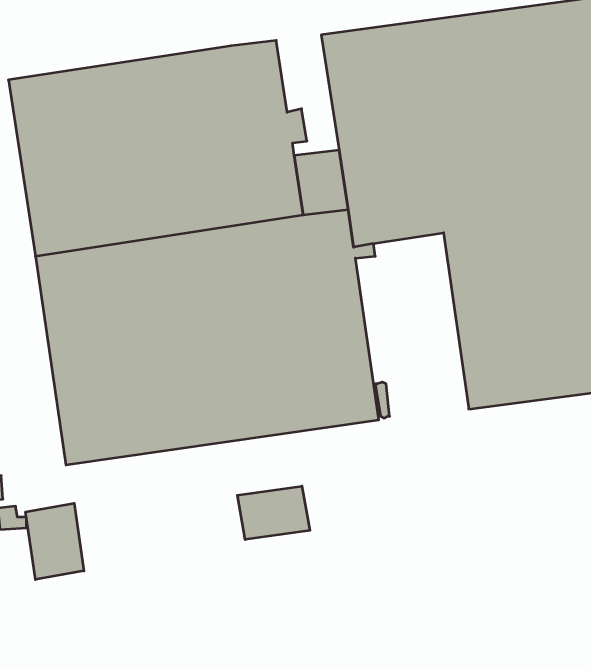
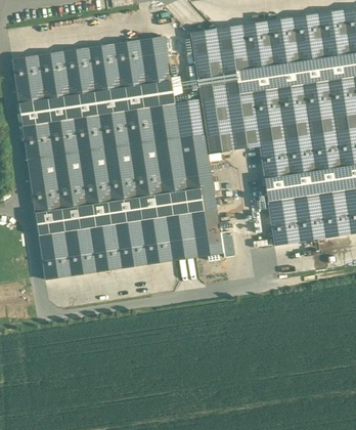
building: [237,486,310,540] -> none
building: [26,503,84,580] -> none

